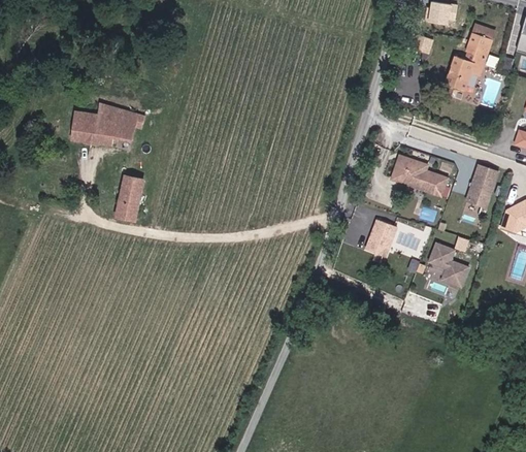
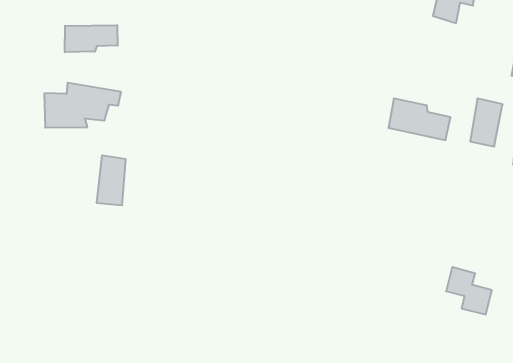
building: none -> [65,25,118,52]
building: [364,219,395,256] -> none
building: [426,240,468,288] -> [446,267,492,314]

